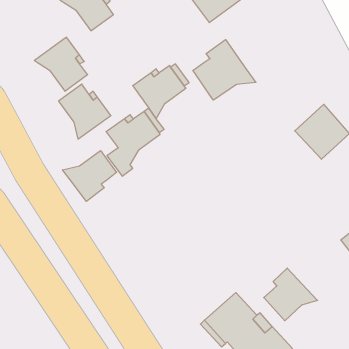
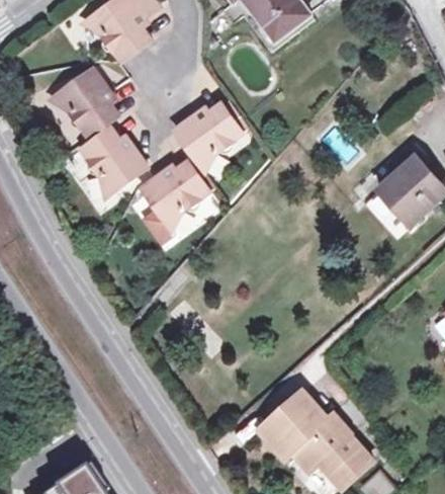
building: [193,40,256,100] -> none
building: [63,151,117,201] -> none
building: [264,268,318,321] -> none

